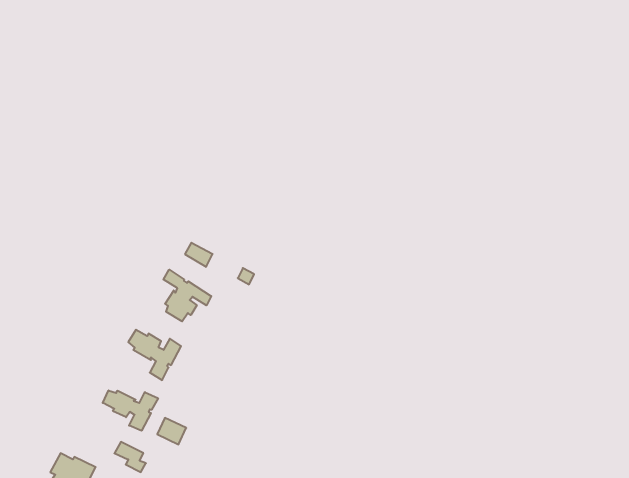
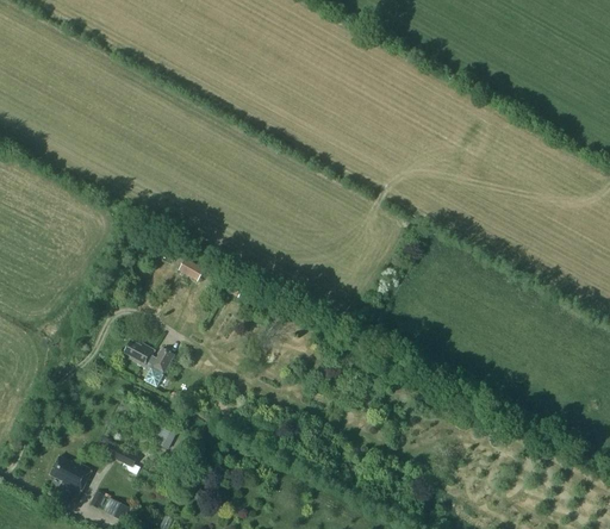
building: [163,270,211,321] -> none
building: [103,390,158,431] -> none

